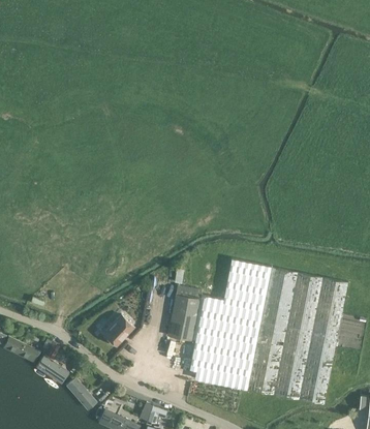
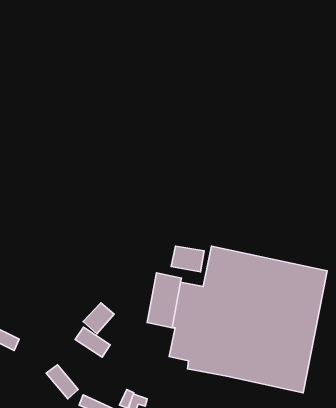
building: none -> [171,246,204,272]
building: [34,355,69,385] -> [75,327,110,357]

